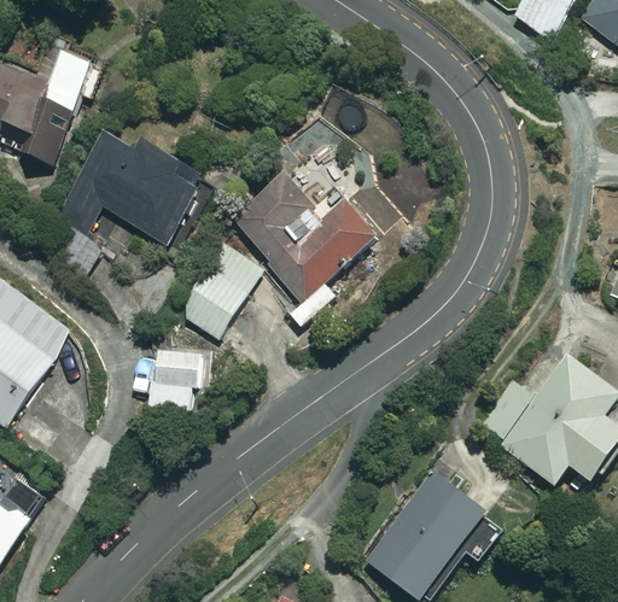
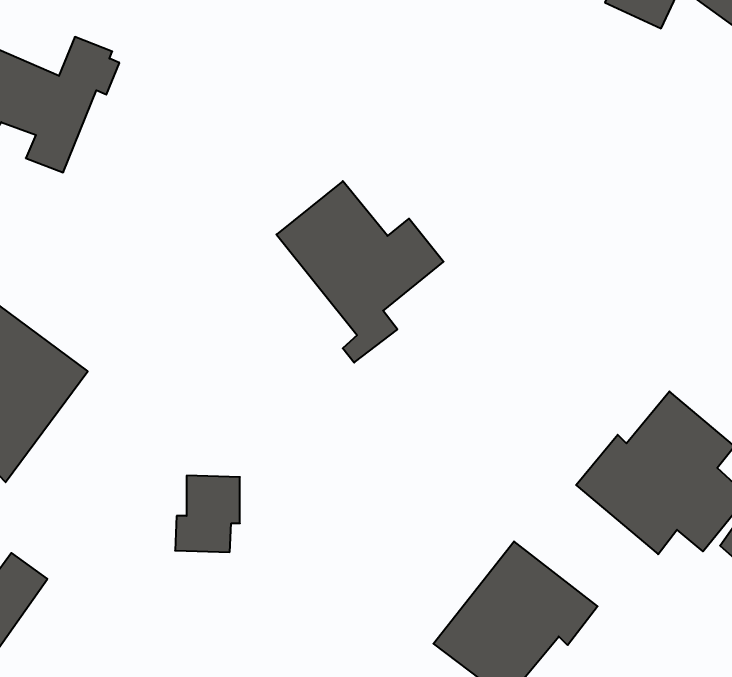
building: [40,133,203,270] -> none
building: [179,242,261,335] -> none
building: [146,345,200,409] -> [175,476,240,552]

